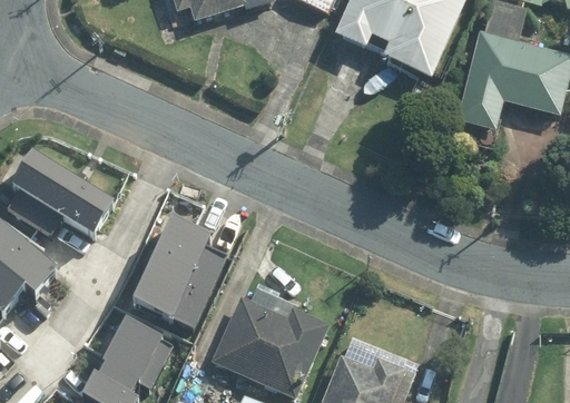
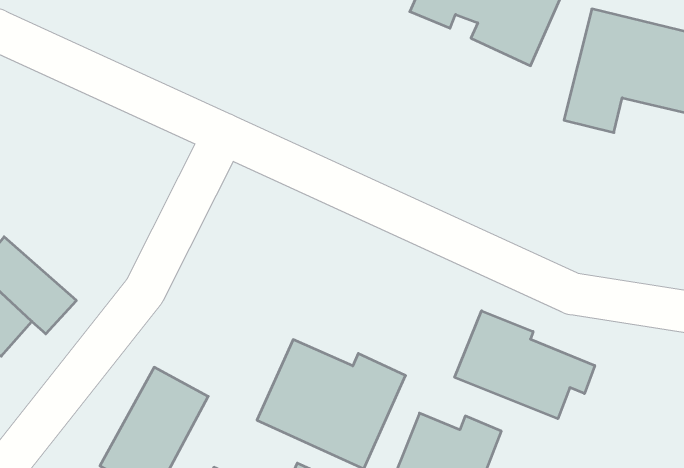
building: [12,147,115,227] -> none
building: [135,220,218,323] -> none
building: none -> [455,311,595,419]

